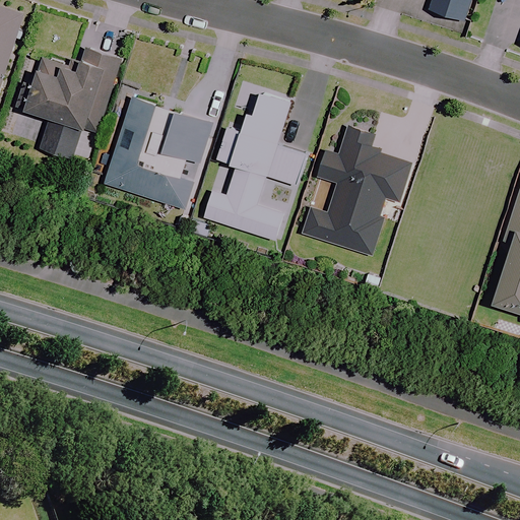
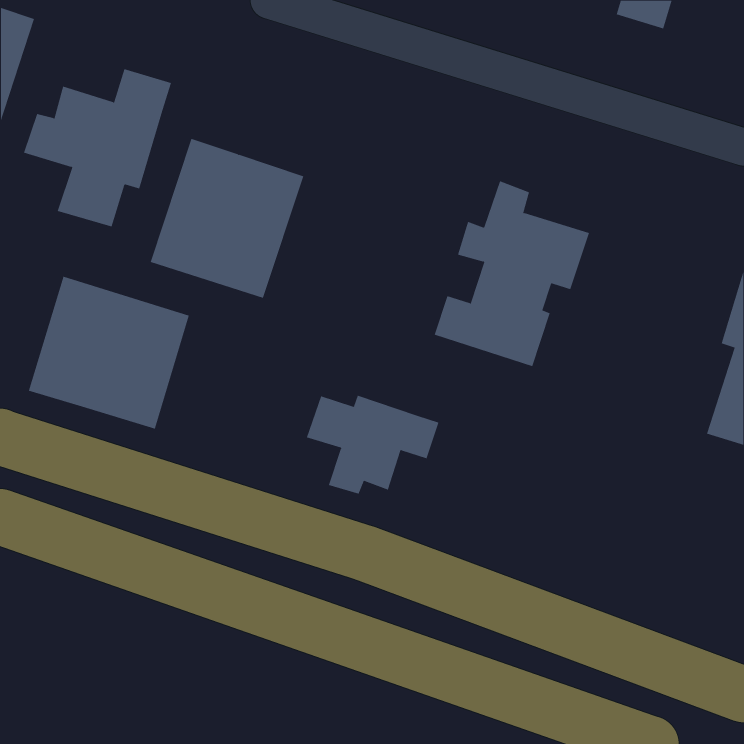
building: [204,83,307,240] -> none
building: none -> [28,276,190,429]
building: none -> [306,395,439,495]

